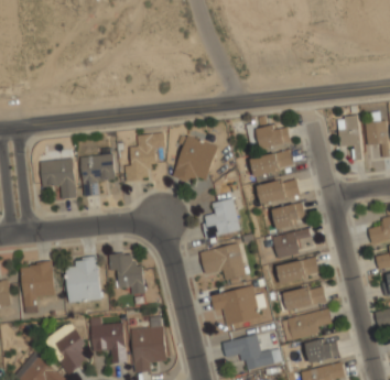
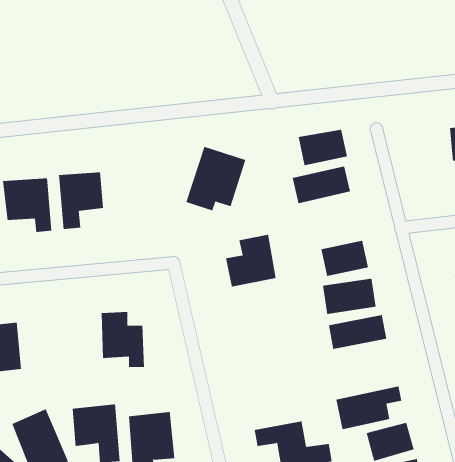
building: [337,115,364,160] -> none
building: [126,133,155,180] -> none
building: [257,175,300,205] -> none
building: [201,242,246,280] -> none
building: [66,258,99,302] -> none
building: [283,282,326,311] -> none
building: [212,285,259,324] -> none

